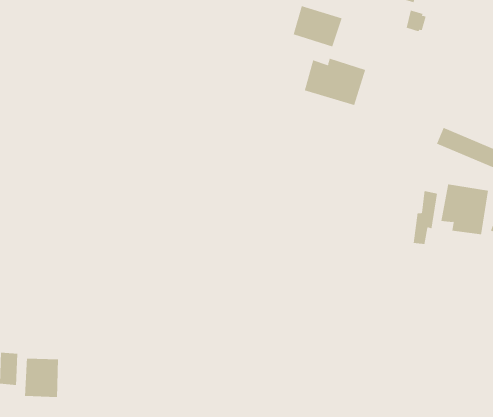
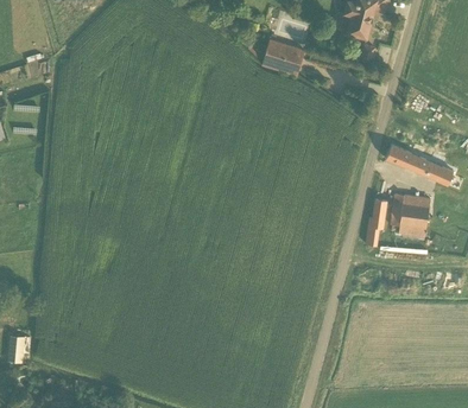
building: [304,58,366,106] -> none
building: [24,358,58,398] -> none

